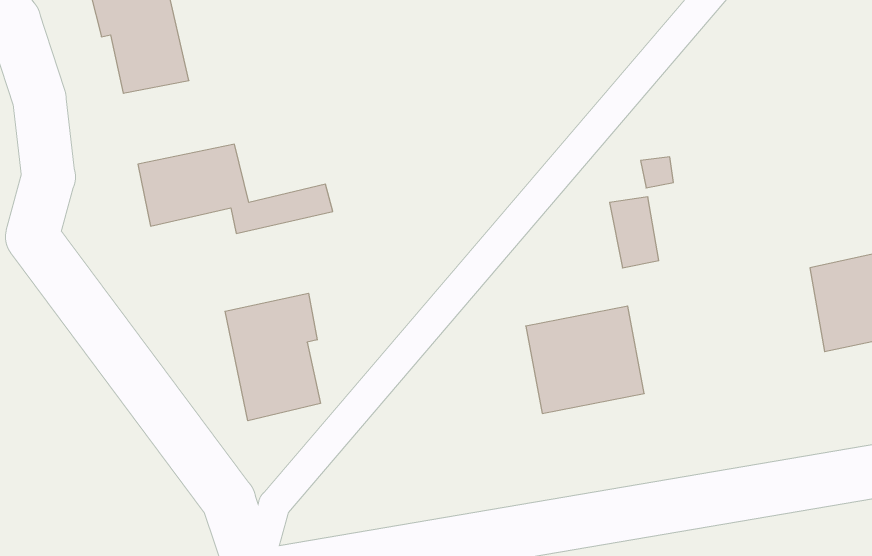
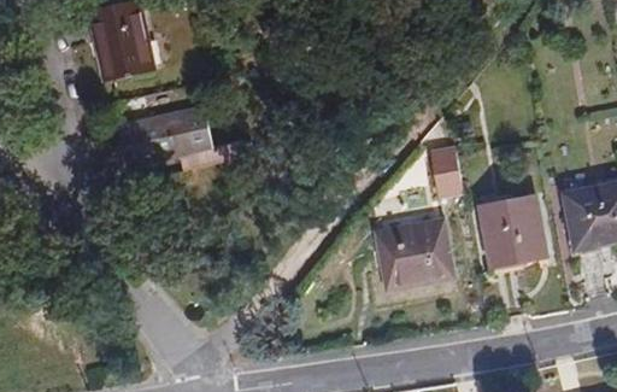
building: none -> [480,197,547,268]
building: [225,293,320,421] -> none

